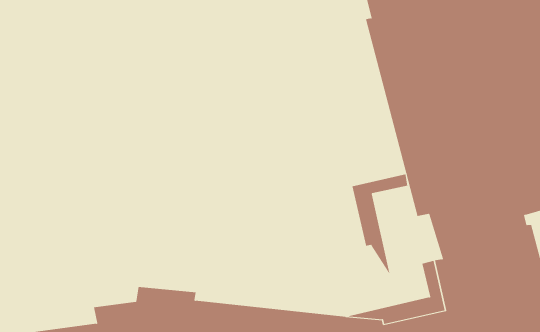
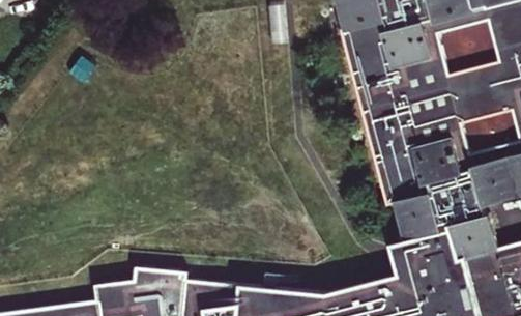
building: [352,174,408,276] -> none

